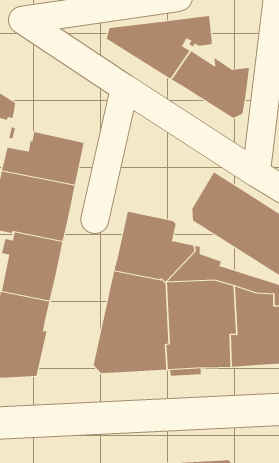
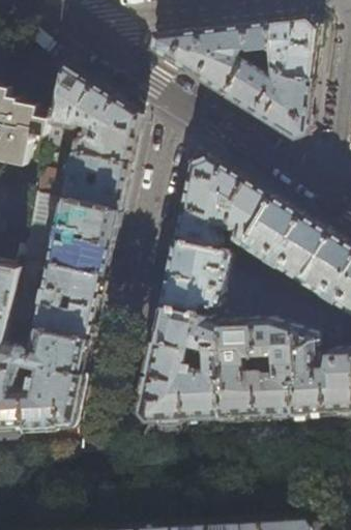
building: none -> [267,19,318,83]
building: none -> [50,66,139,165]
building: none -> [175,157,271,252]

